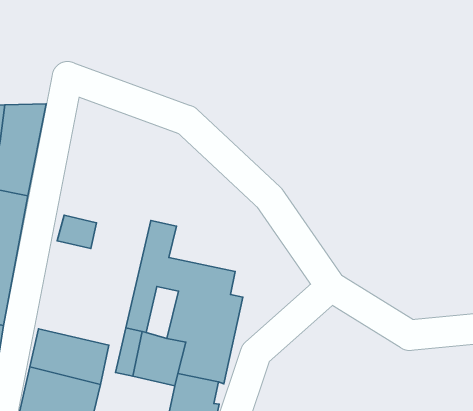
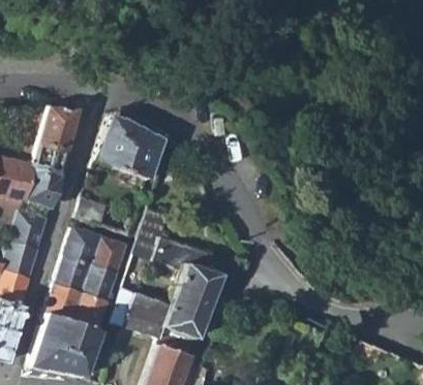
building: none -> [93,118,160,181]
building: none -> [54,228,127,303]

